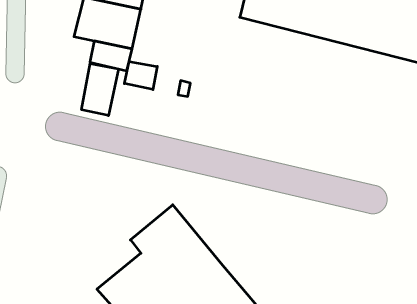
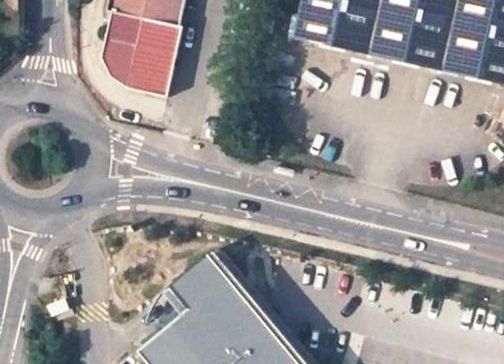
building: [124,62,157,90] -> none
building: [82,64,118,116] -> none

